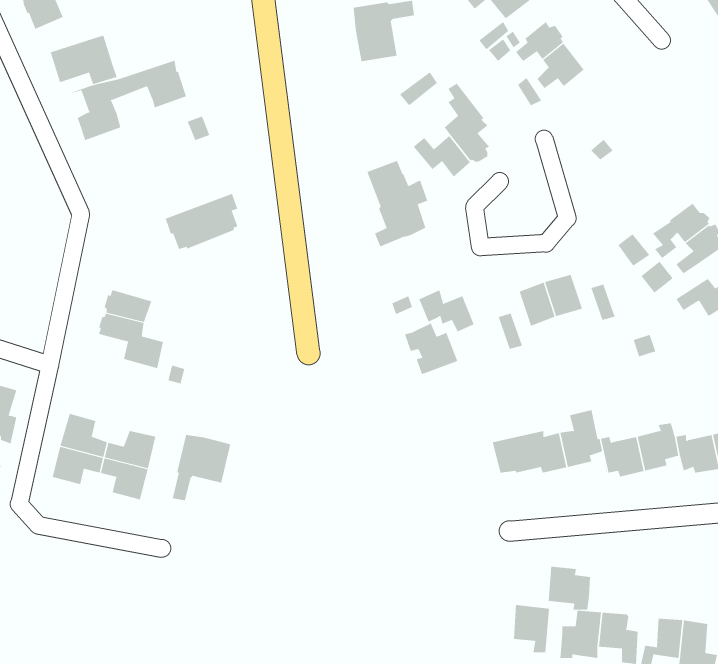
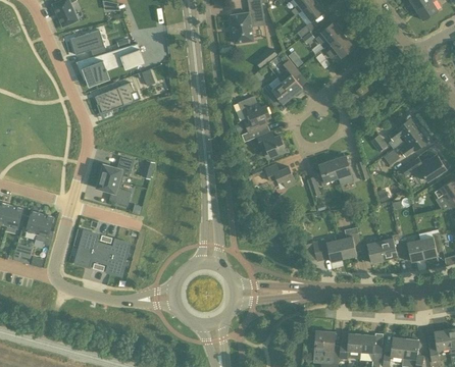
building: [165,193,238,249] -> [95,83,134,112]
building: [404,323,458,375] -> [257,130,286,158]
building: [172,434,231,501] -> none
building: [548,566,590,610] -> none

